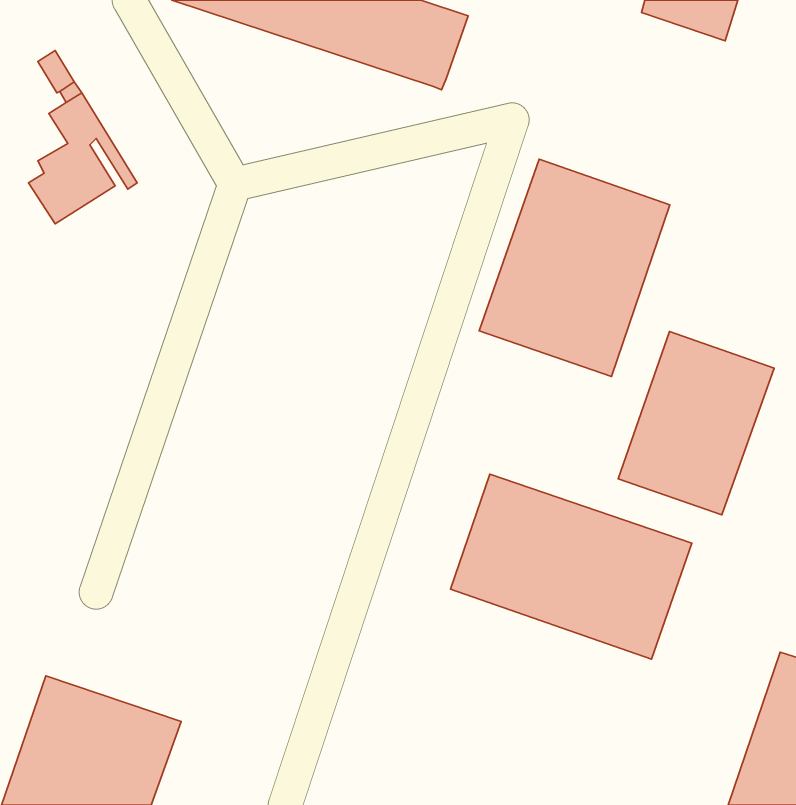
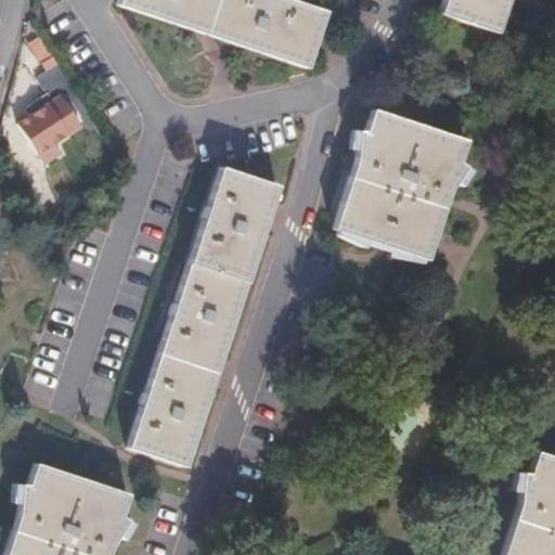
building: none -> [127,167,280,466]
building: [618,331,774,515] -> none
building: [450,474,692,659] -> none

